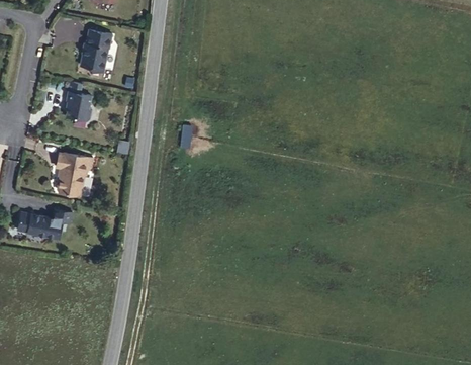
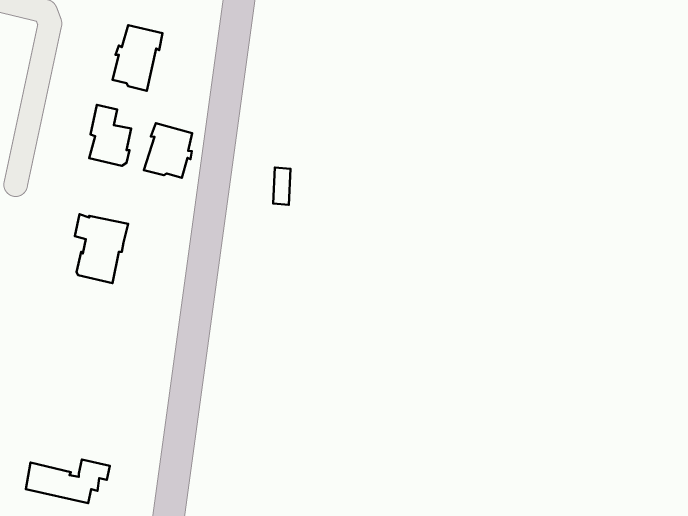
building: none -> [144,123,192,178]
building: [16,210,71,239] -> [26,459,110,503]

